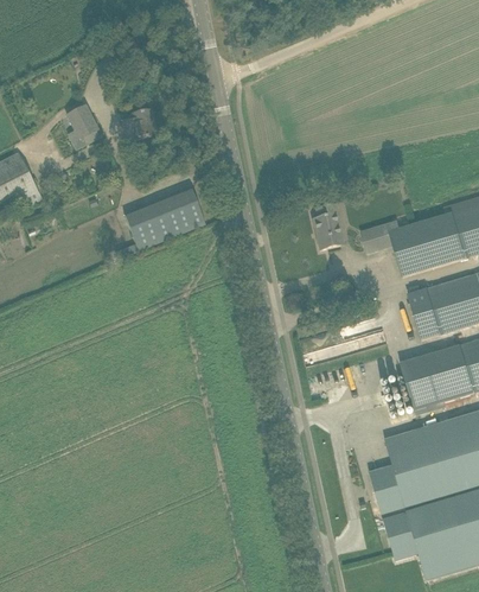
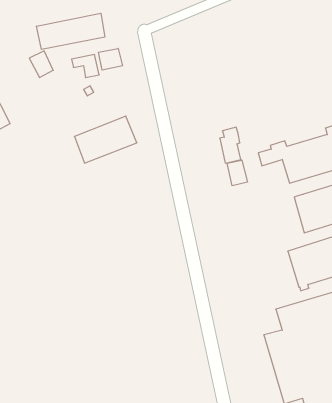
building: none -> [37,13,105,49]
building: none -> [99,48,123,70]
building: none -> [227,160,247,186]

